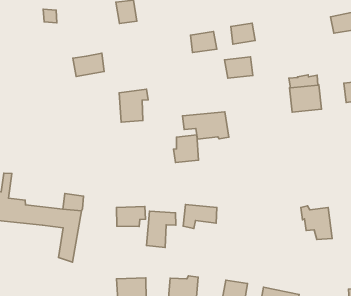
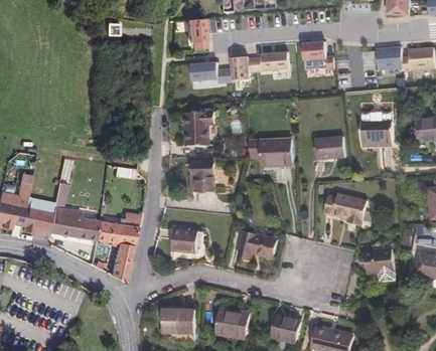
building: none -> [376,46,403,68]
building: none -> [231,55,252,78]
building: [73,53,104,76] -> [189,61,221,83]
building: [225,57,253,78] -> [314,136,342,156]
building: [173,135,199,163] -> [185,165,210,192]
building: none -> [323,189,366,222]
building: [147,211,176,248] -> none

